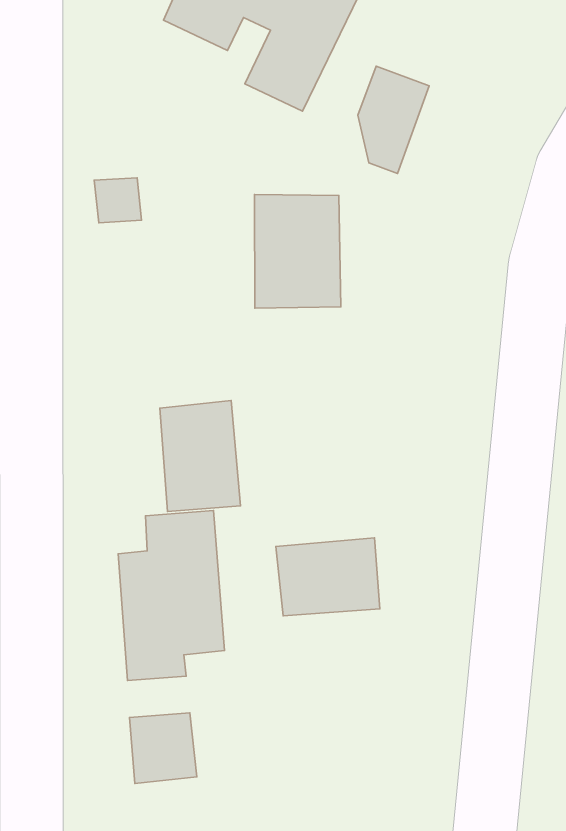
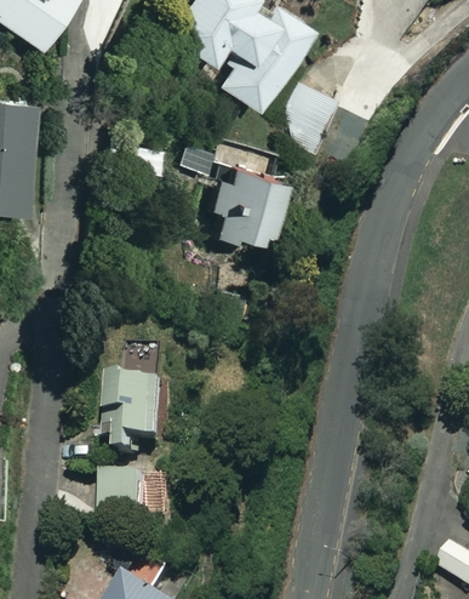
building: [160,401,241,511] -> none
building: [276,538,380,616] -> none

